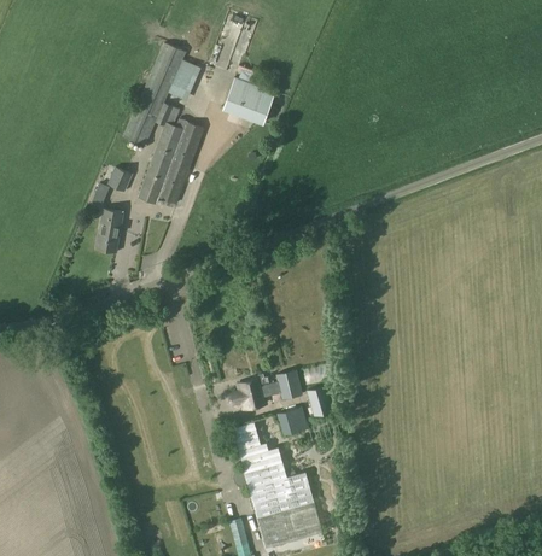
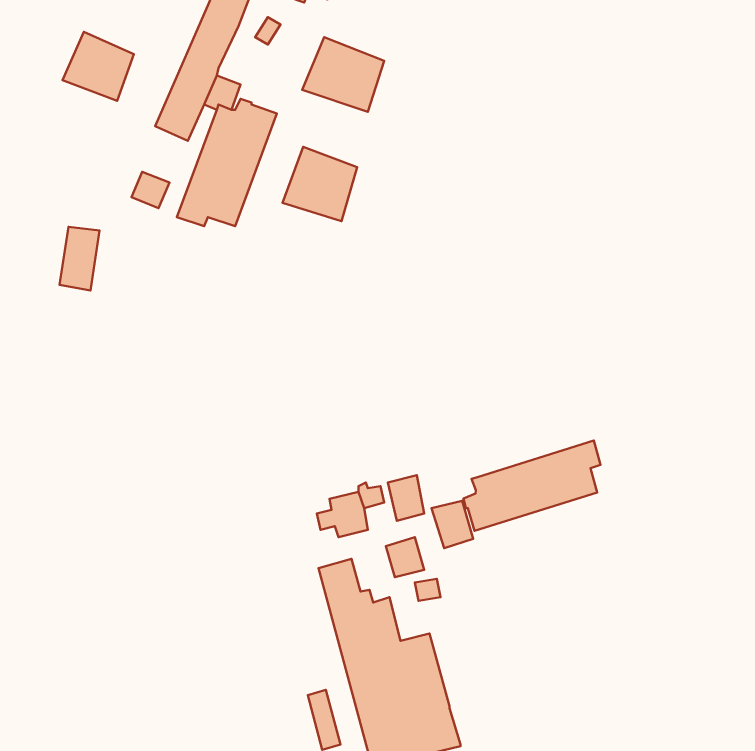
building: none -> [63,32,134,101]
building: none -> [282,147,357,221]
building: [97,210,123,252] -> [59,227,99,290]
building: none -> [463,441,600,531]

